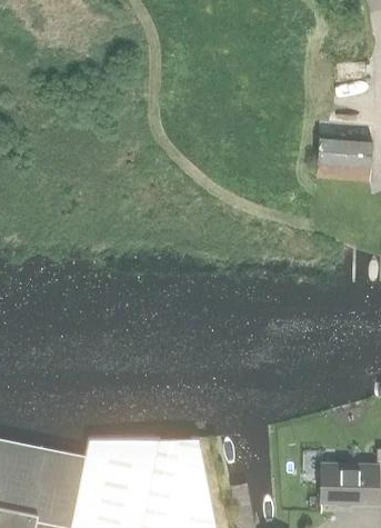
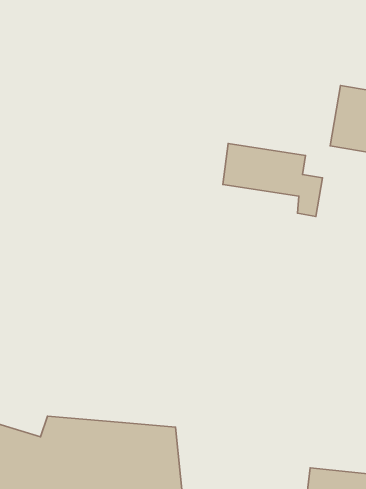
building: none -> [223,144,322,216]

